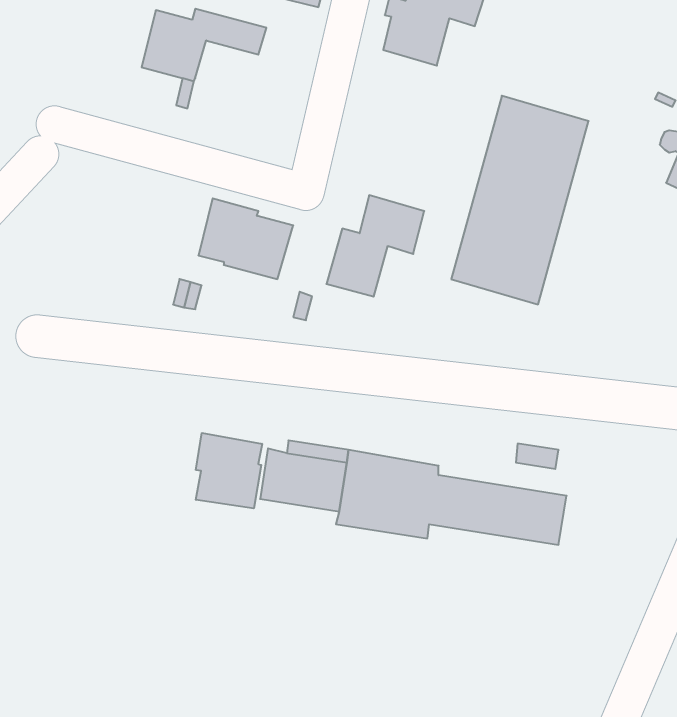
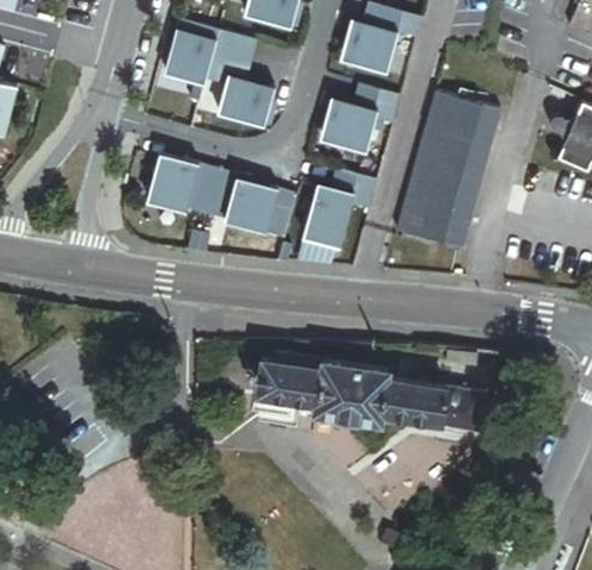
building: none -> [203,52,275,126]
building: none -> [326,86,398,151]
building: none -> [147,162,216,214]
building: [196,433,262,508] -> none

